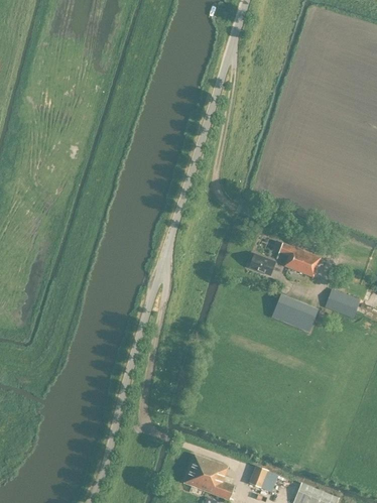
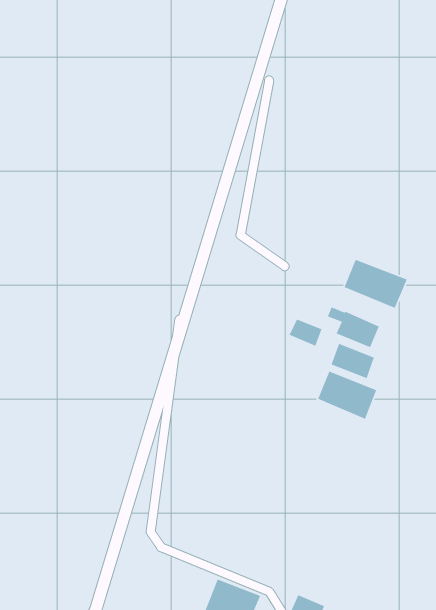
building: none -> [343,259,408,309]
building: [325,289,359,318] -> [331,343,375,379]

